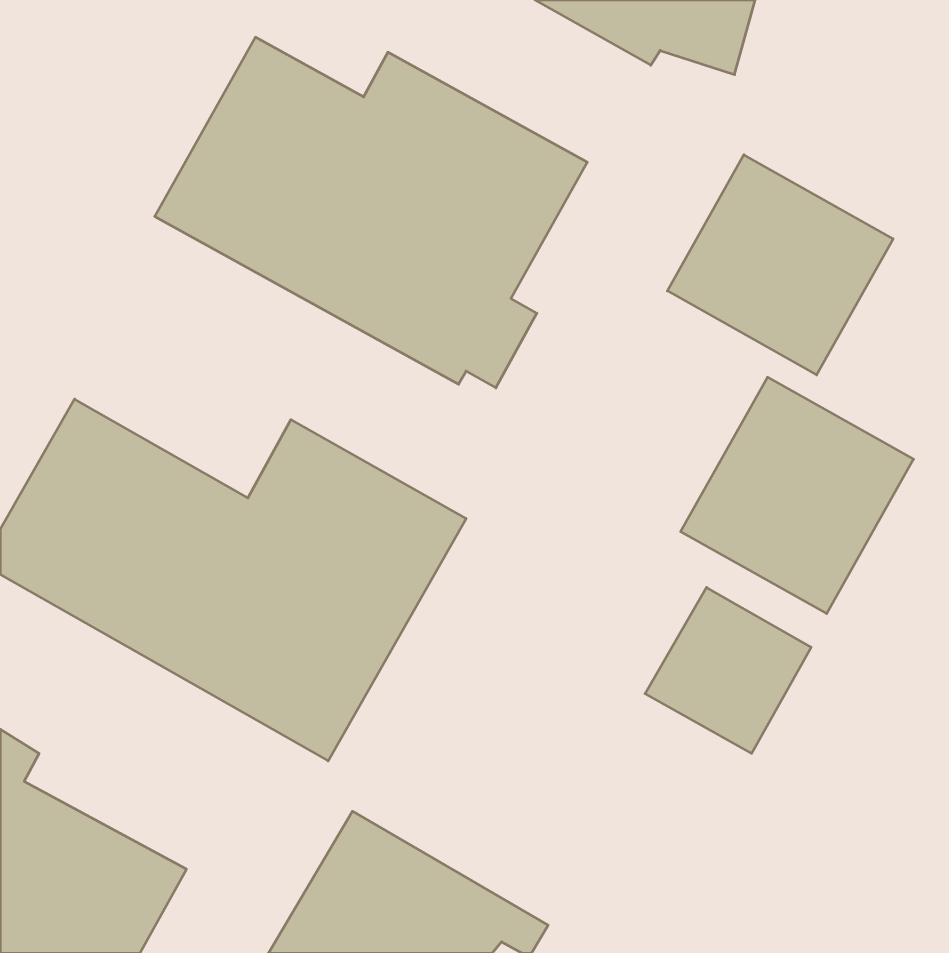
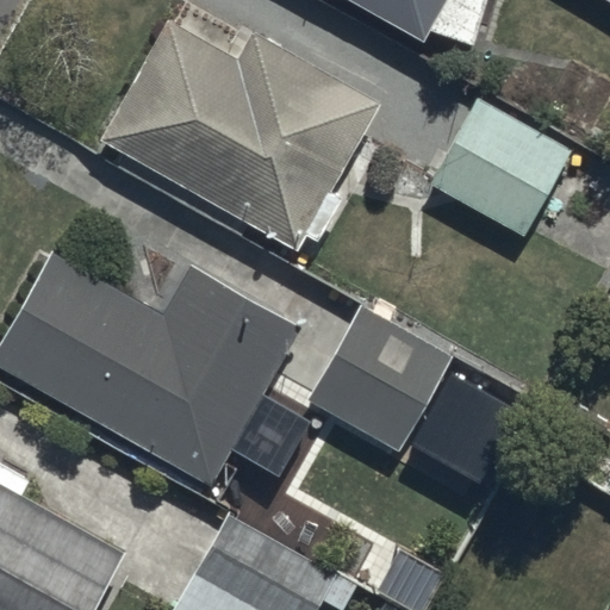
building: [681,377,914,614] -> none
building: none -> [311,307,454,452]

